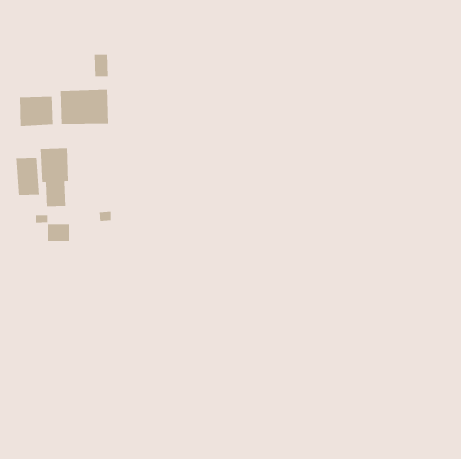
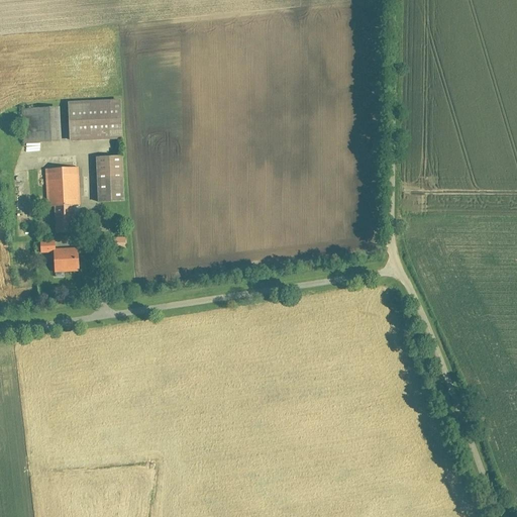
building: [94,54,108,77] -> none
building: [15,157,40,196] -> [97,156,124,199]

